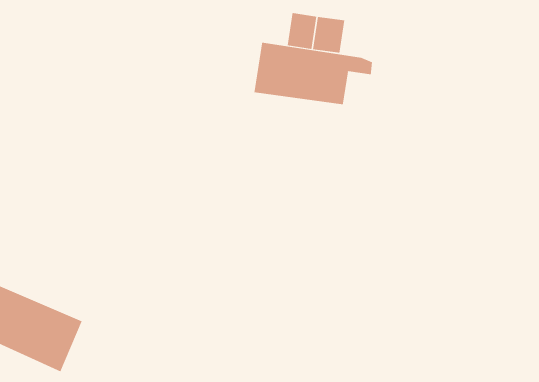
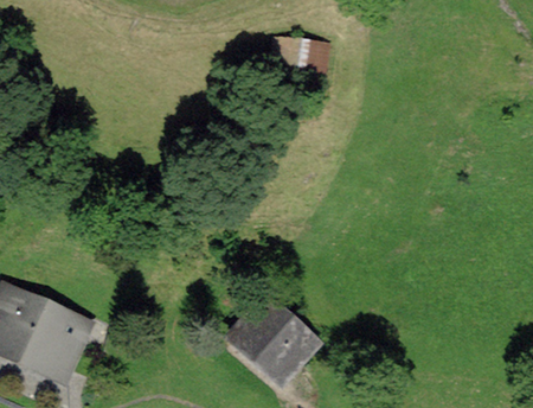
building: [254,42,372,105] -> none
building: none -> [240,299,319,376]

